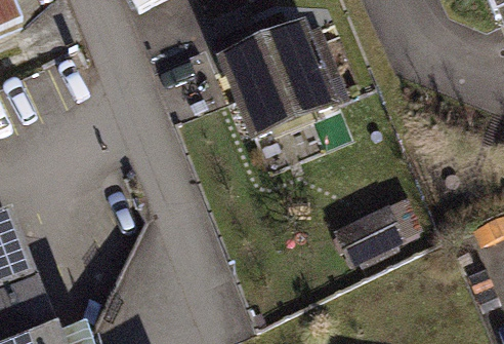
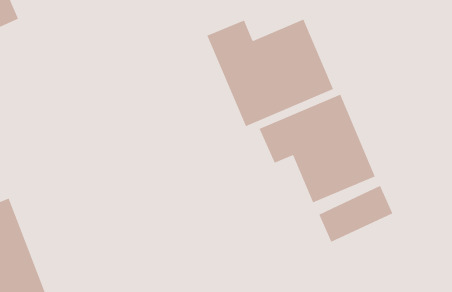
building: none -> [259,94,376,203]

